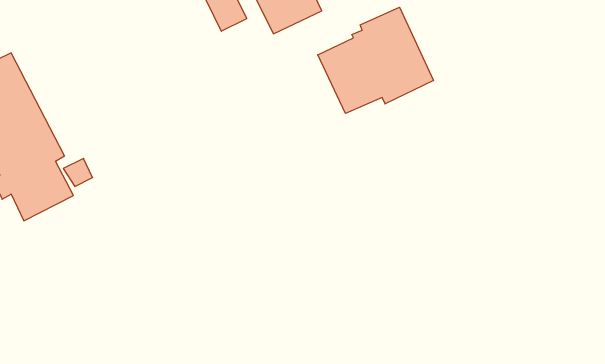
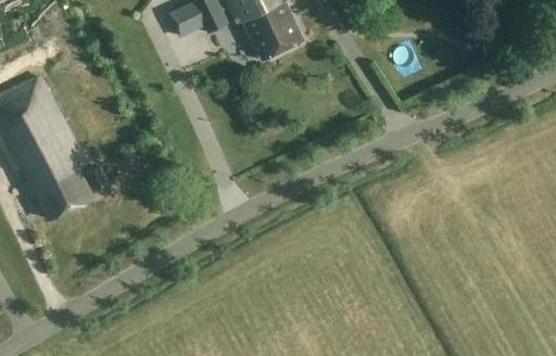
building: [318,7,433,113] -> none

